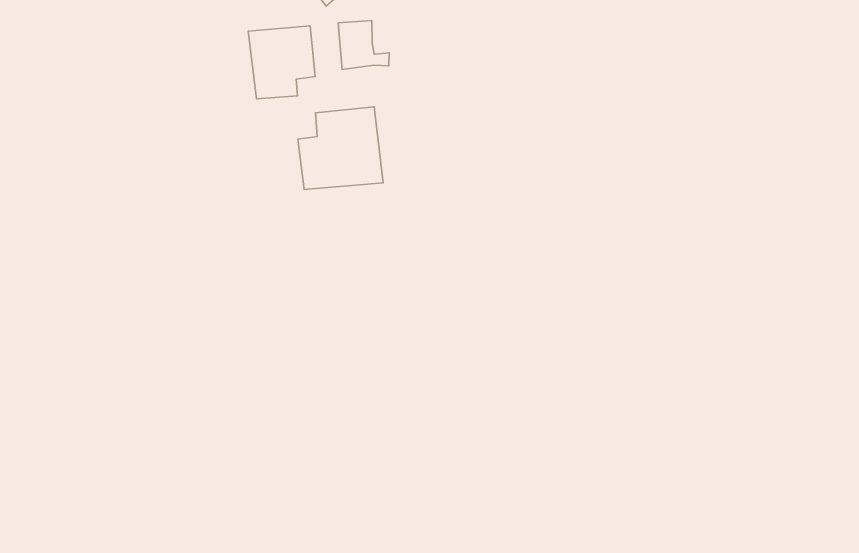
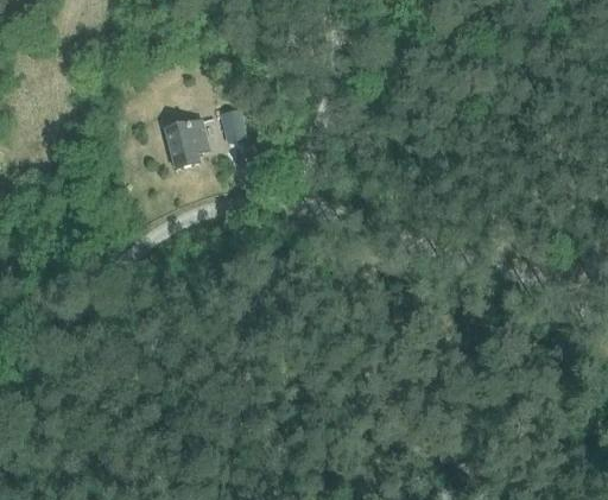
building: [298,107,383,189] -> none

